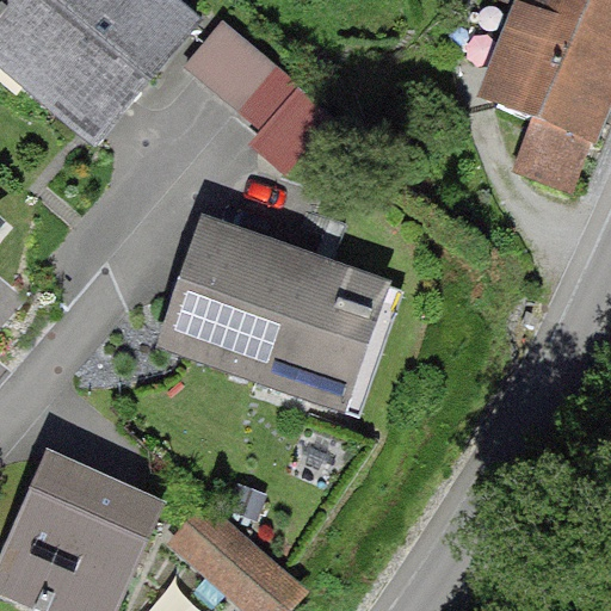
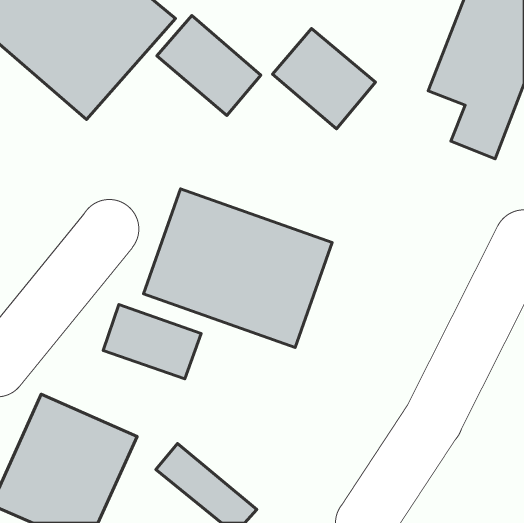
building: none -> [272,29,376,129]
building: none -> [103,304,201,379]

